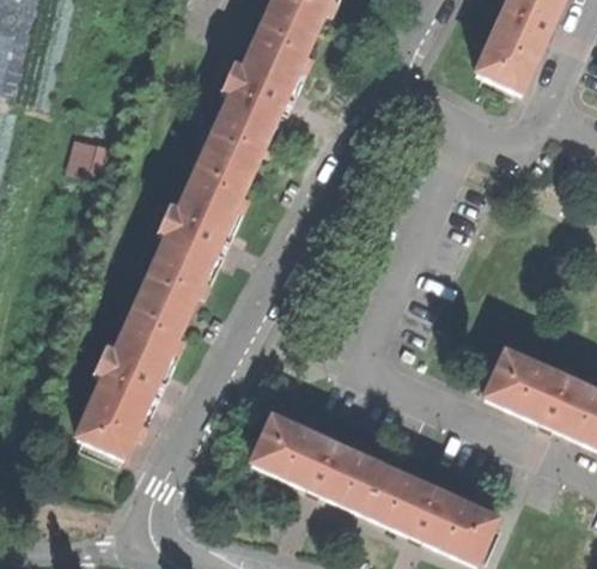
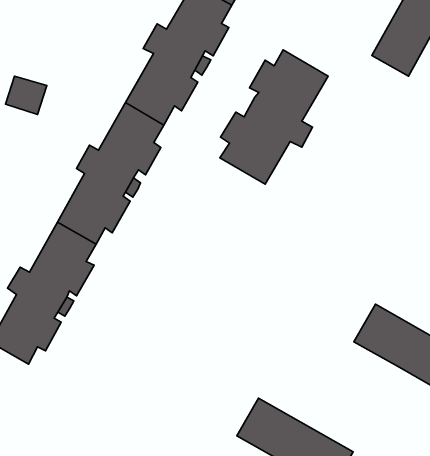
building: none -> [220,50,328,184]
building: [252,417,384,512] -> none

